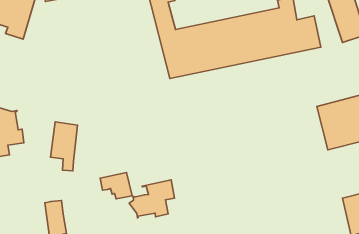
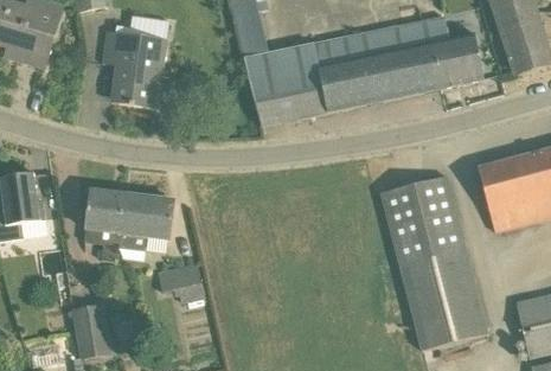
building: none -> [103,30,166,108]
building: none -> [382,174,487,348]
building: none -> [118,193,174,250]
building: [129,180,175,218] -> none

